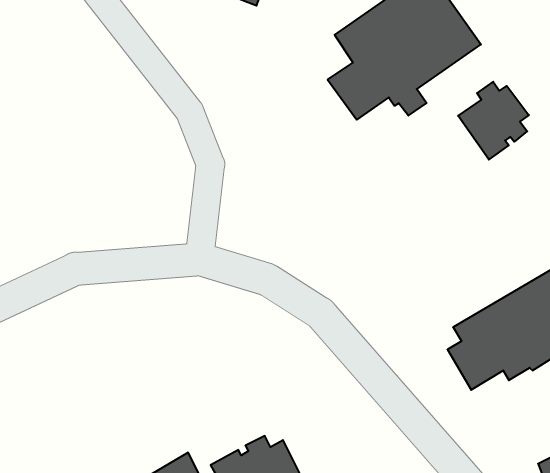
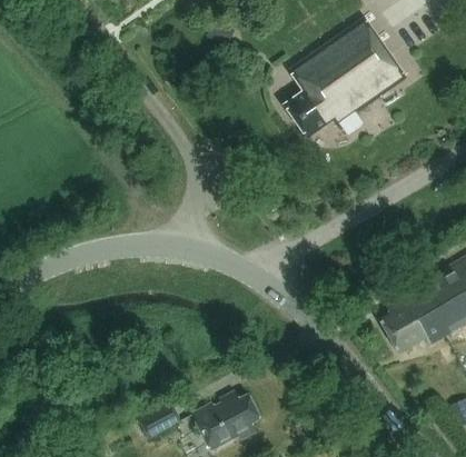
building: [458,82,529,160] -> none

